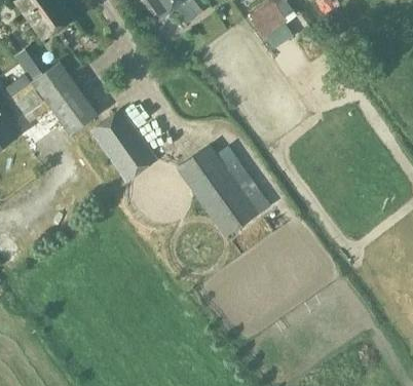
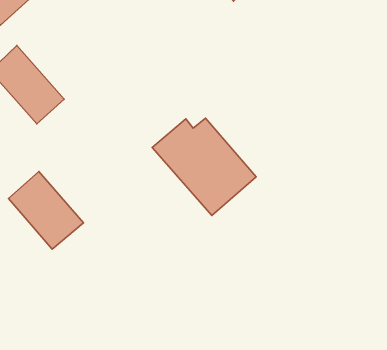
building: [90,109,158,183] -> [9,171,84,249]

